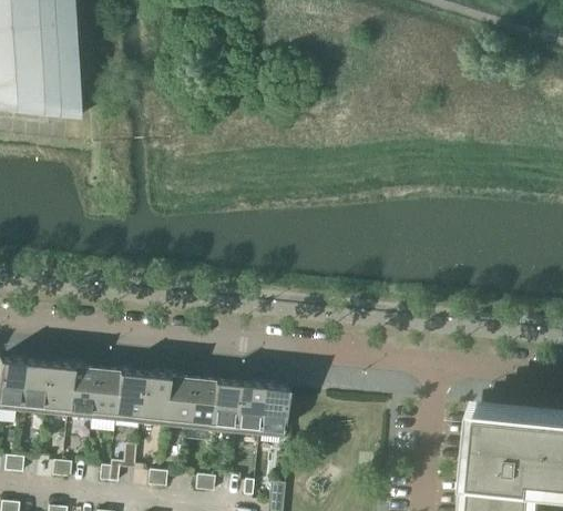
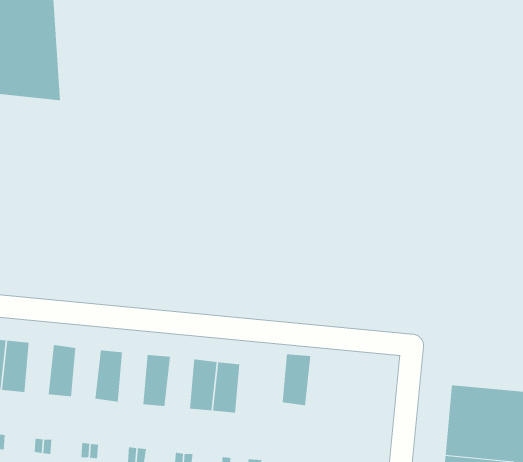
building: [43,361,72,415] -> none
building: [91,367,120,419] -> none
building: [139,371,167,425] -> none
building: [186,376,215,429] -> none
building: [258,384,288,437] -> [282,354,311,406]

